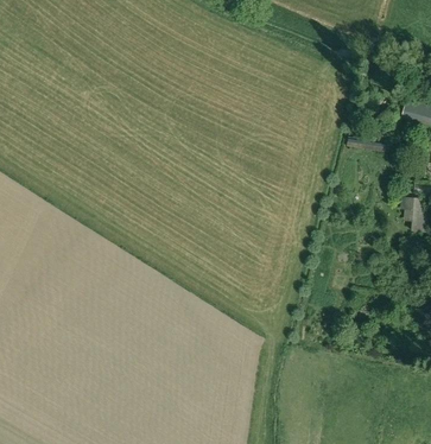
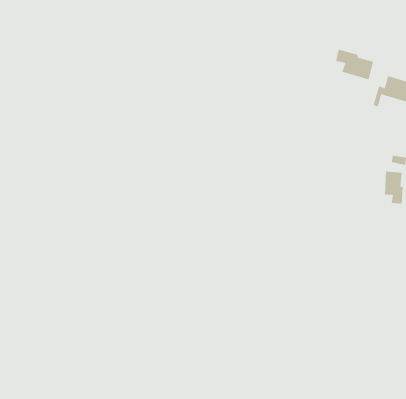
building: none -> [335,49,374,80]

